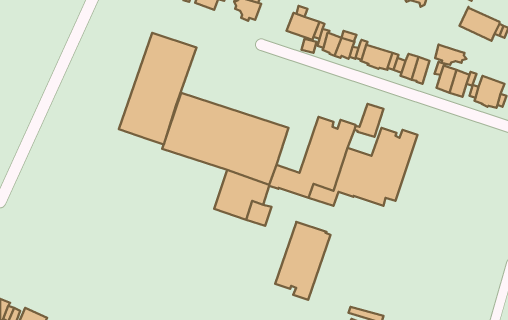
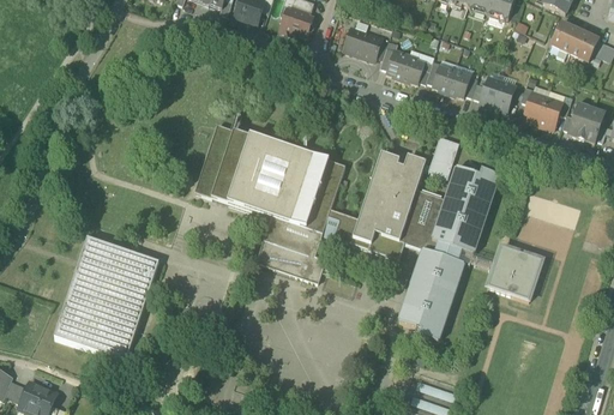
building: [119,33,196,144] -> none
building: [435,45,467,65] -> none
building: none -> [55,236,159,359]
building: none -> [487,245,542,299]
building: [275,222,330,300] -> [398,246,464,339]

